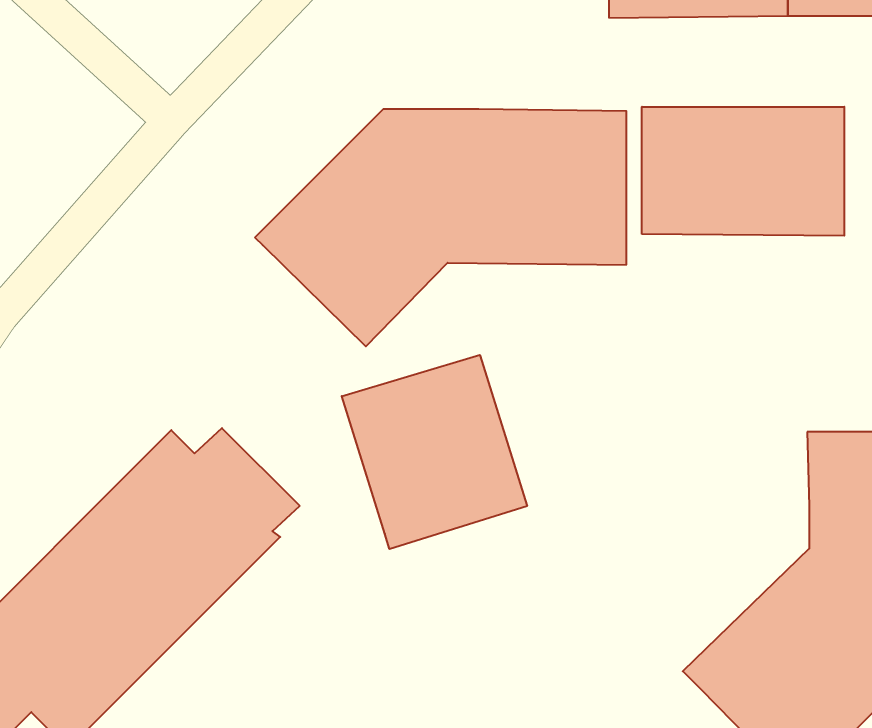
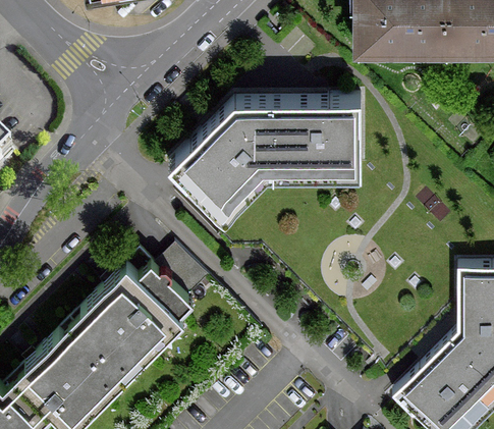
building: [642,107,844,236] -> none
building: [342,355,527,549] -> none

